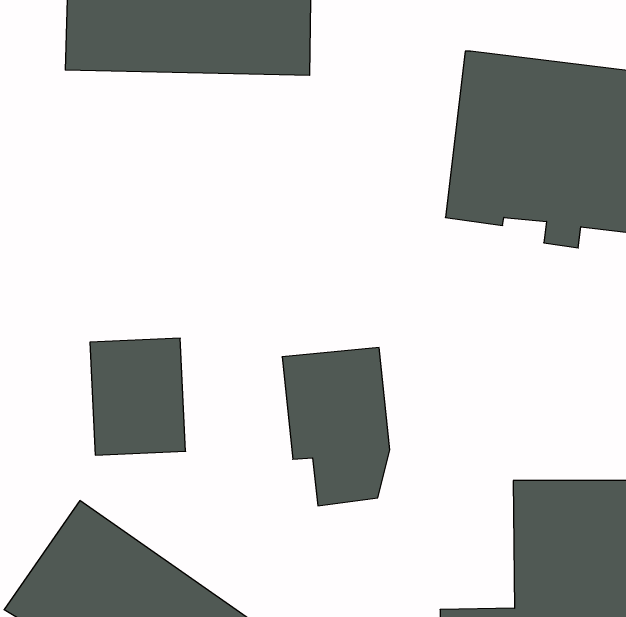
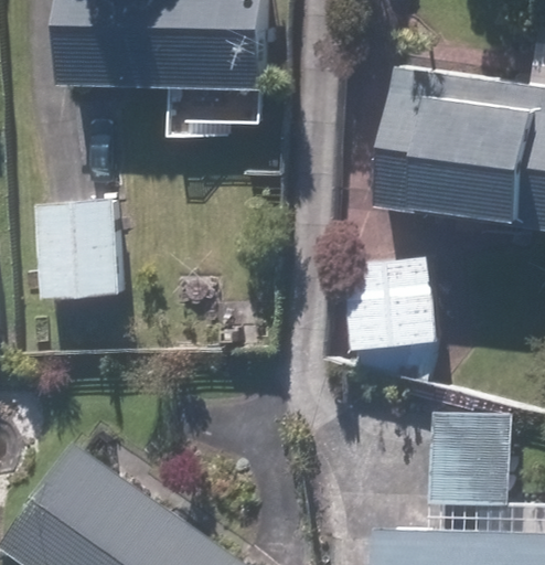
building: [90,338,186,455] -> [36,201,116,298]
building: [282,348,390,506] -> [345,259,435,391]

